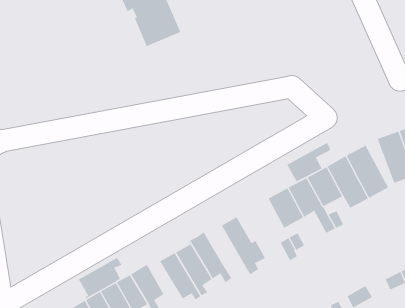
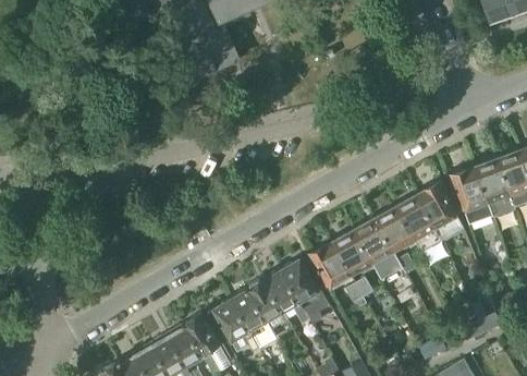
building: [287,142,331,182] -> none
building: none -> [310,241,351,286]
building: none -> [264,270,310,324]
building: [78,257,122,299] -> none

